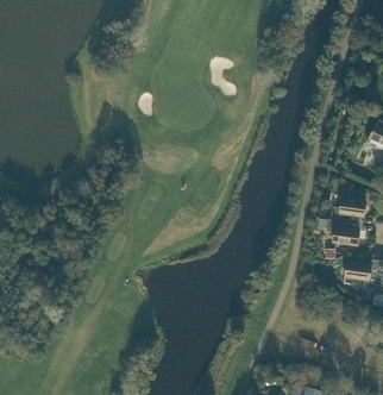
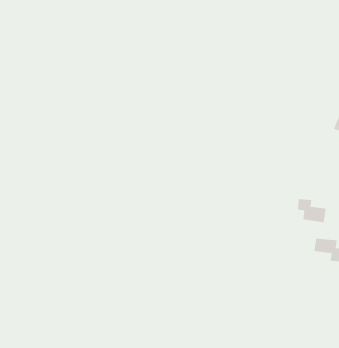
building: [331,199,366,222] -> none

